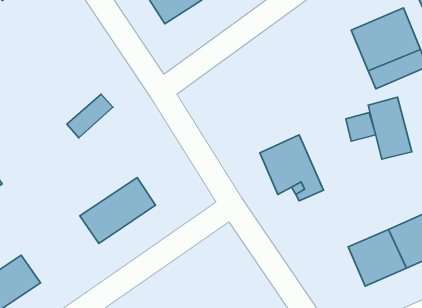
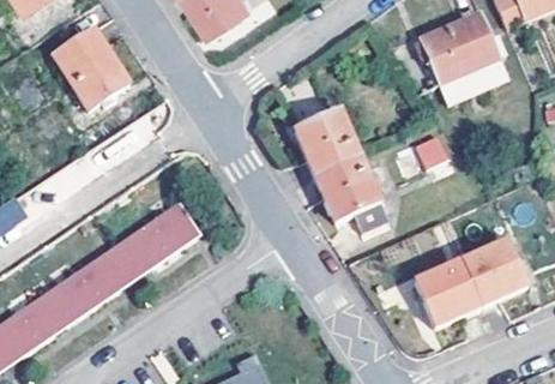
building: none -> [50,26,127,108]
building: none -> [296,110,361,176]
building: [368,97,412,159] -> none
building: none -> [48,247,135,323]

